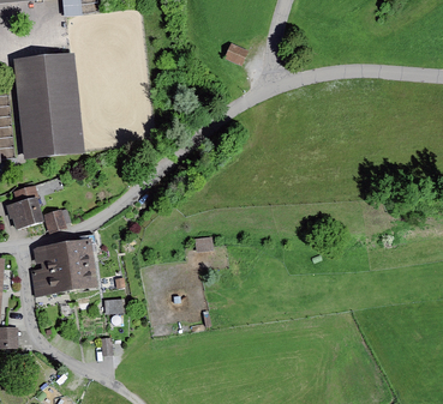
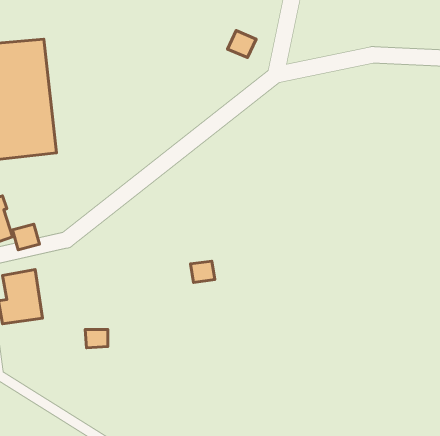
building: [64,243,97,288] -> none

